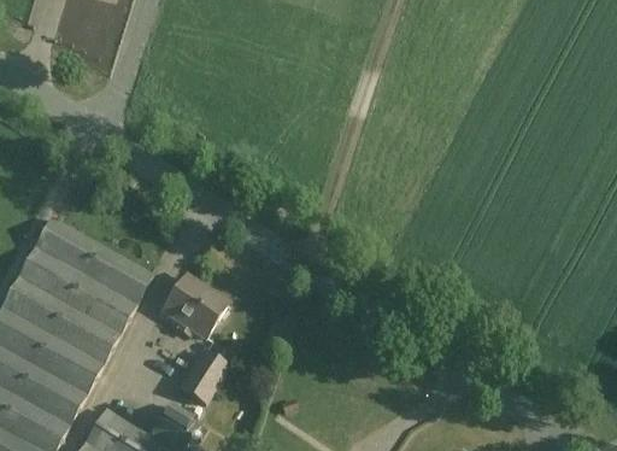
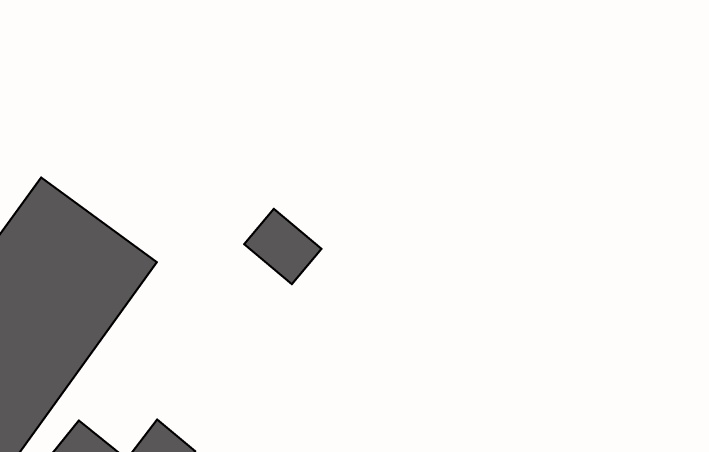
building: [163,277,225,336] -> [244,209,322,284]
building: [180,350,231,406] -> none

